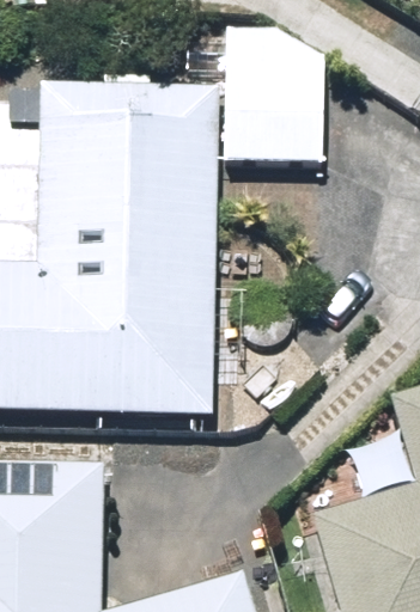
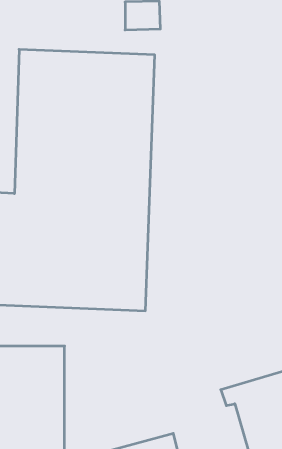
building: [227,27,322,164] -> none

